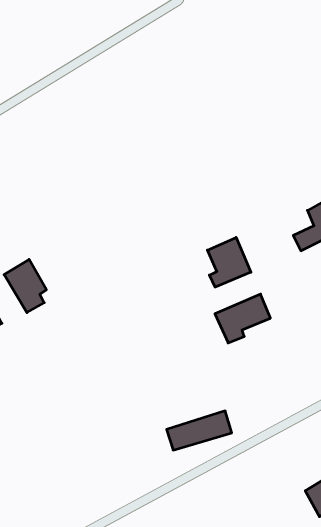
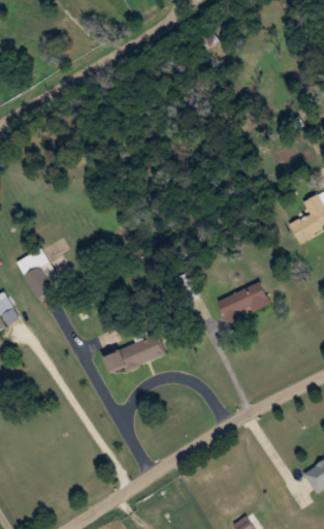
building: [207,237,251,287] -> none
building: [167,411,232,450] -> [102,337,164,374]

